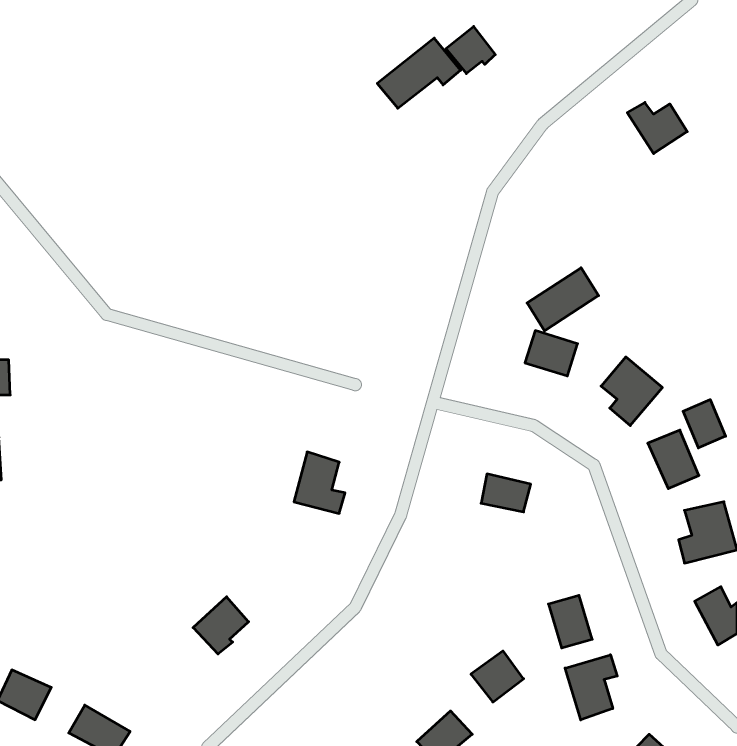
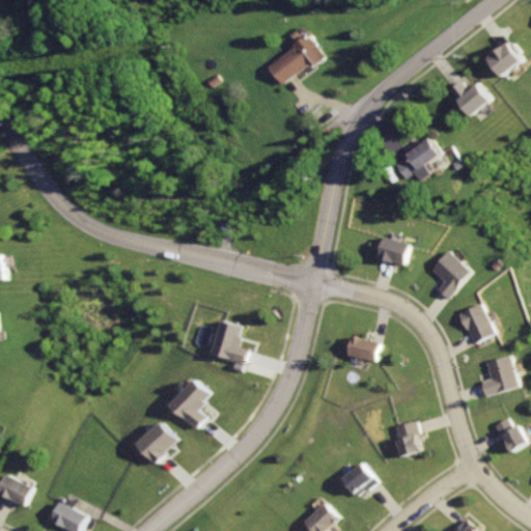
building: [446,26,495,74] -> none
building: none -> [481,34,518,69]
building: [527,268,599,331] -> [391,131,442,175]
building: [683,400,726,448] -> none
building: none -> [166,380,209,430]
building: [565,655,617,720] -> none

